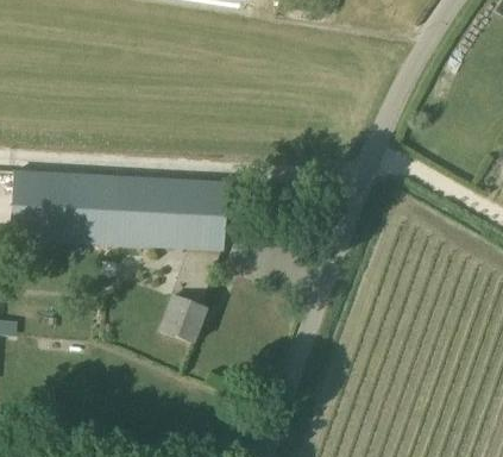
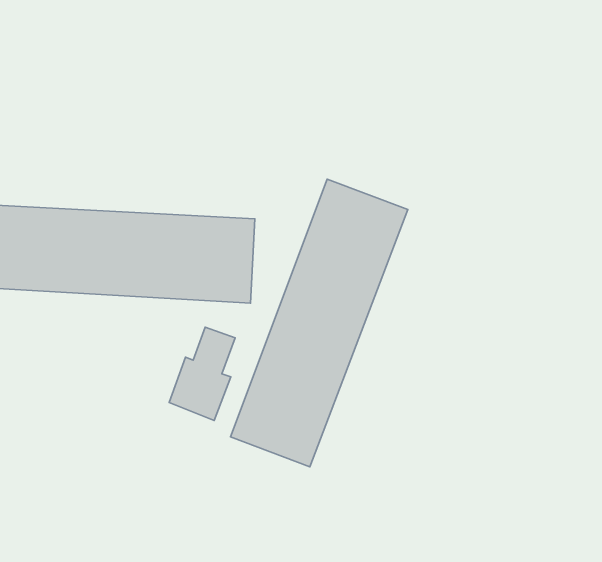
building: none -> [231,179,408,467]

